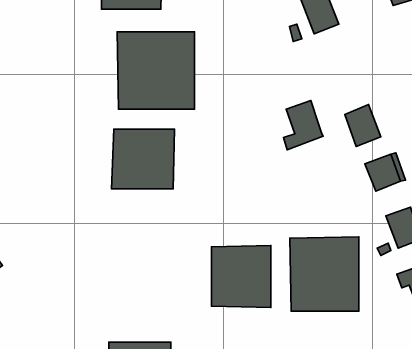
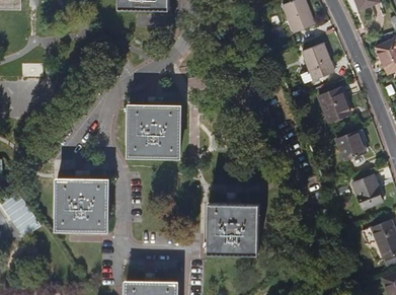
building: [117,32,194,109] -> none
building: [284,100,323,150] -> [301,42,333,82]
building: none -> [57,181,107,233]
building: [290,237,359,311] -> none

